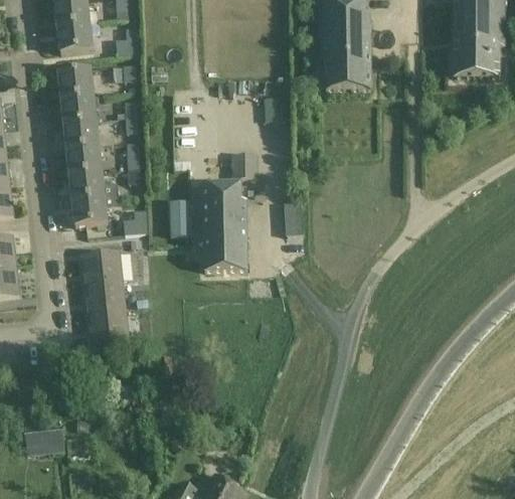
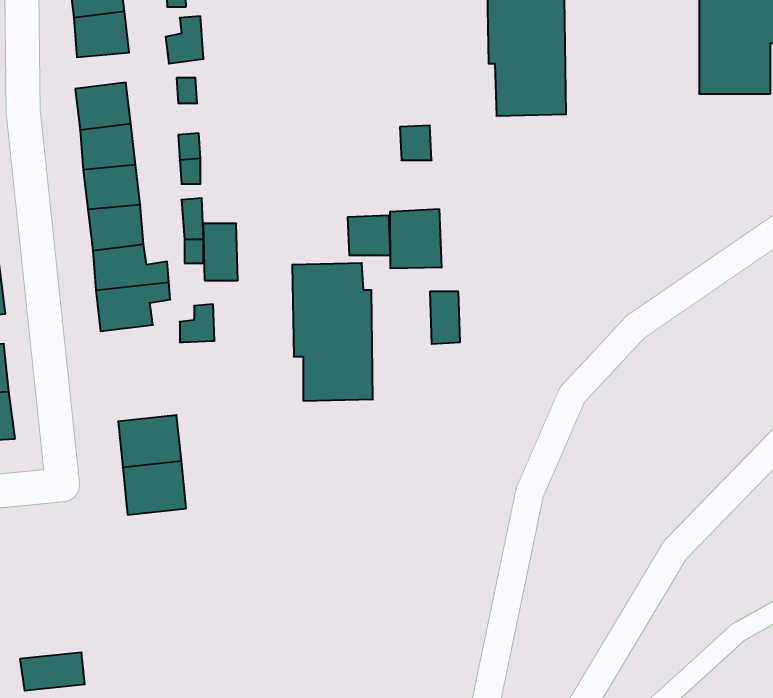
building: none -> [390,209,441,268]
building: [166,198,188,234] -> [203,223,238,280]
building: [81,248,122,283] -> none

